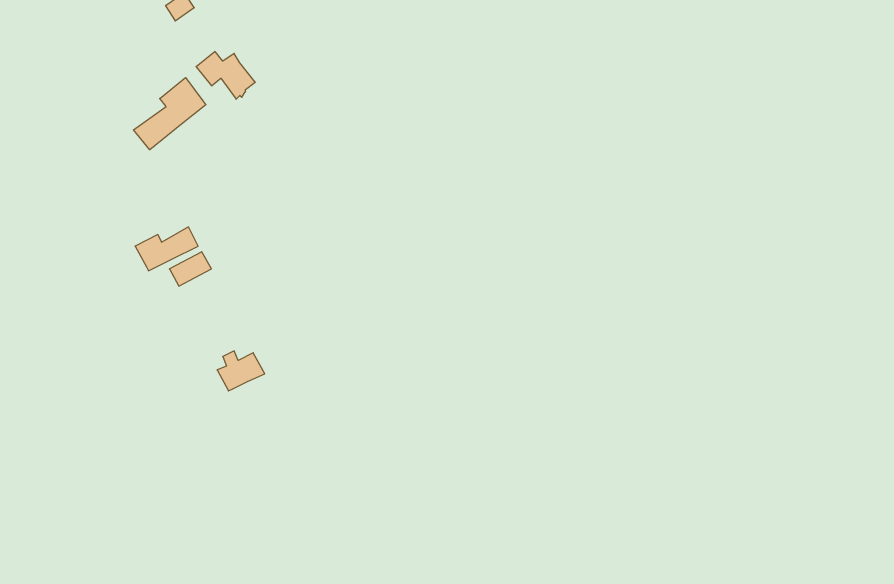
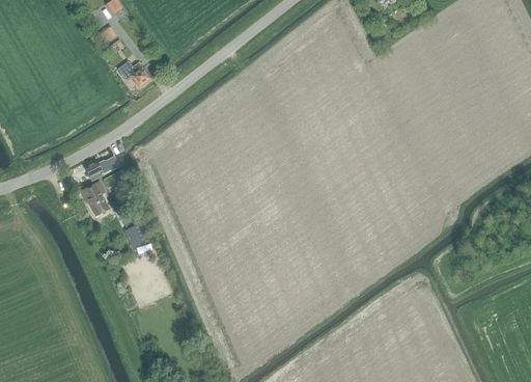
building: [134,78,206,150] -> none
building: none -> [81,181,109,216]

